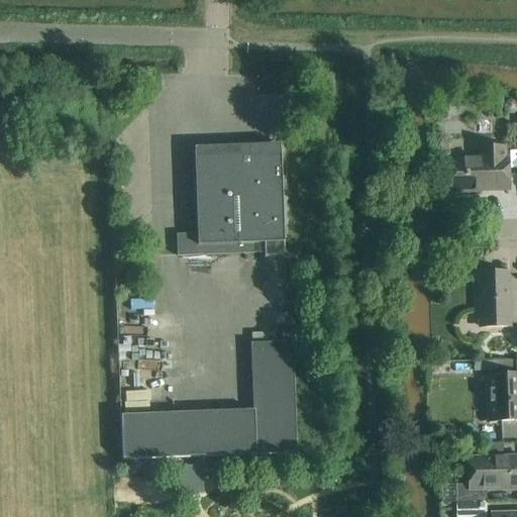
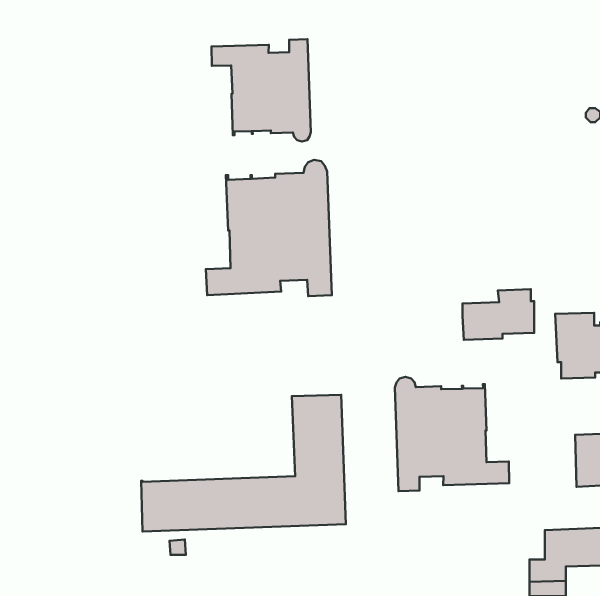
building: none -> [211,39,311,142]
building: [447,145,509,189] -> [463,289,534,340]
building: none -> [395,377,509,491]

